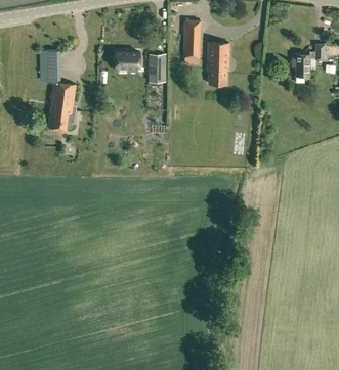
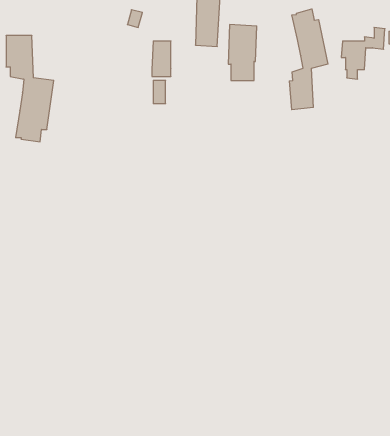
building: none -> [289,9,328,110]
building: [113,51,135,71] -> none

